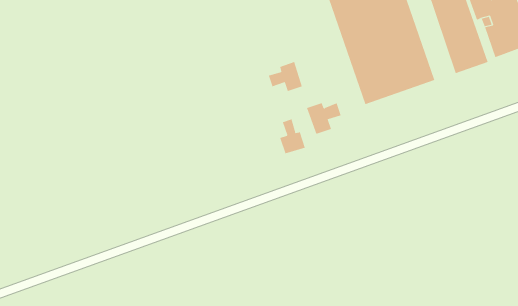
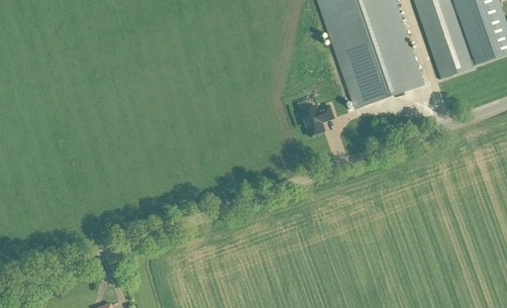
building: [268,61,303,92] -> none
building: [279,118,306,154] -> none

